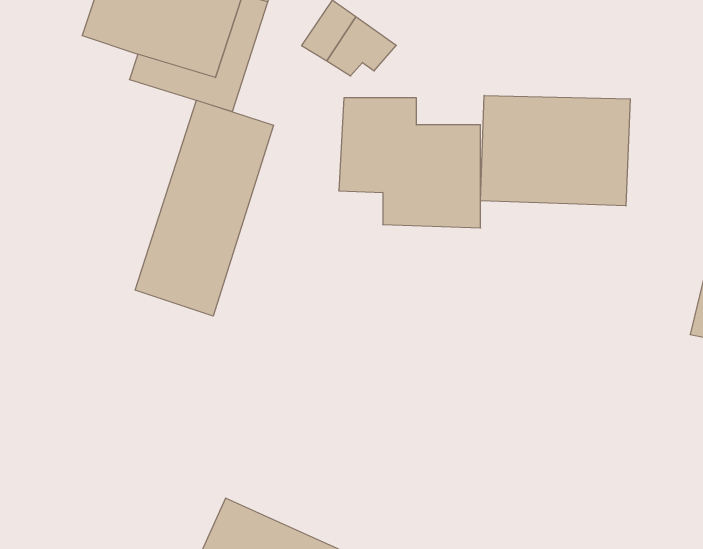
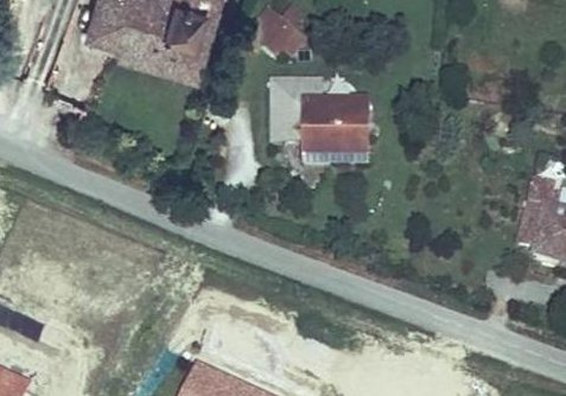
building: [481,95,630,206] -> none
building: [135,100,273,316] -> none

